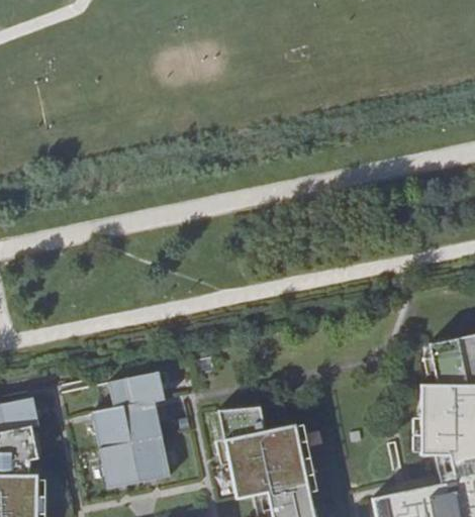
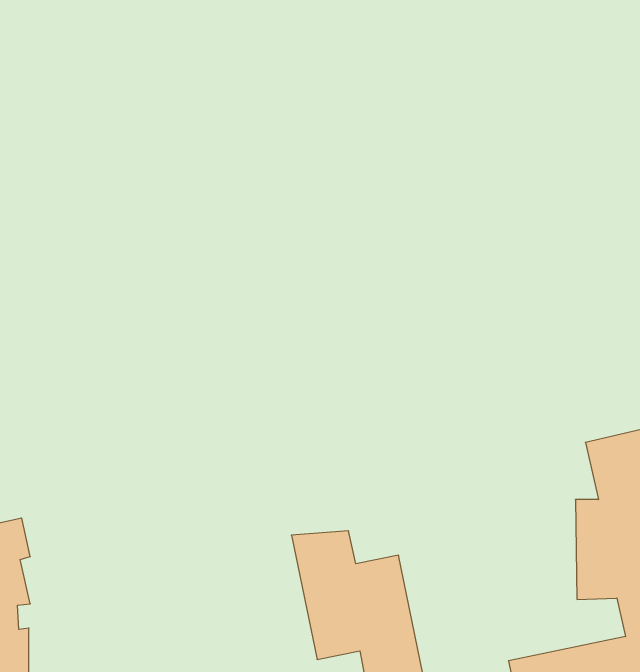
building: [94,373,171,488] -> none

